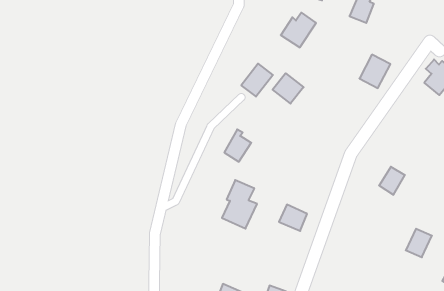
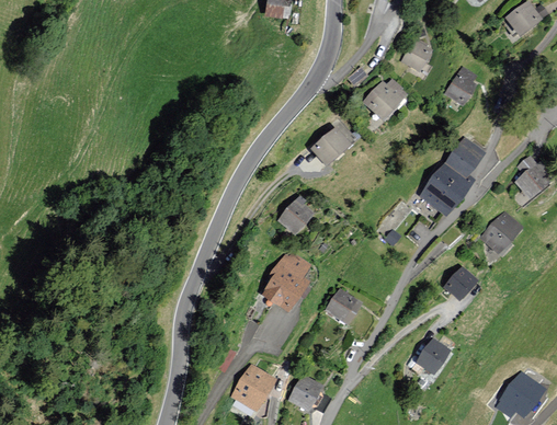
building: [273,73,304,104] -> none
building: none -> [420,164,469,214]
building: none -> [481,214,520,252]
building: [406,229,432,257] -> [417,340,448,372]

